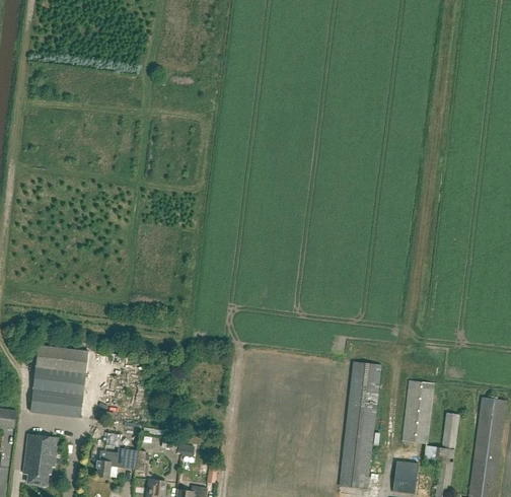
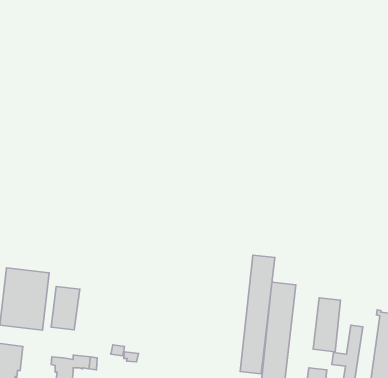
building: none -> [240,255,275,374]
building: none -> [51,286,80,330]

